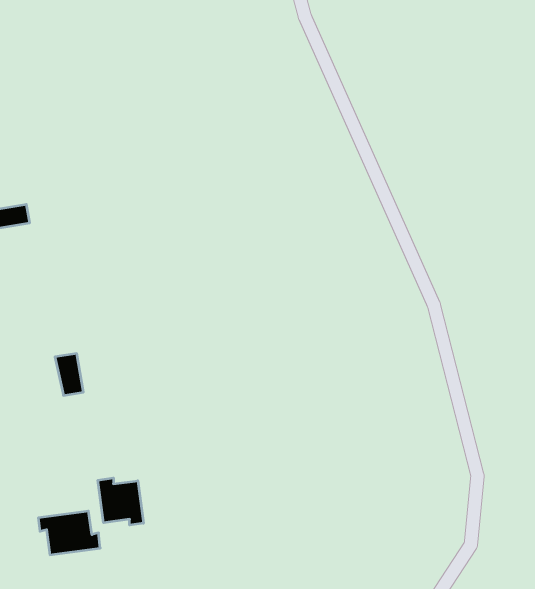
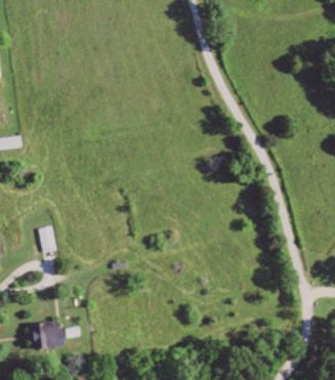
building: [98,478,143,525] -> none

